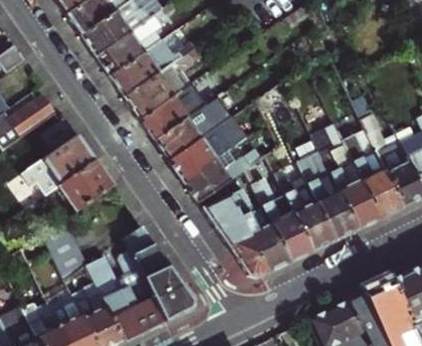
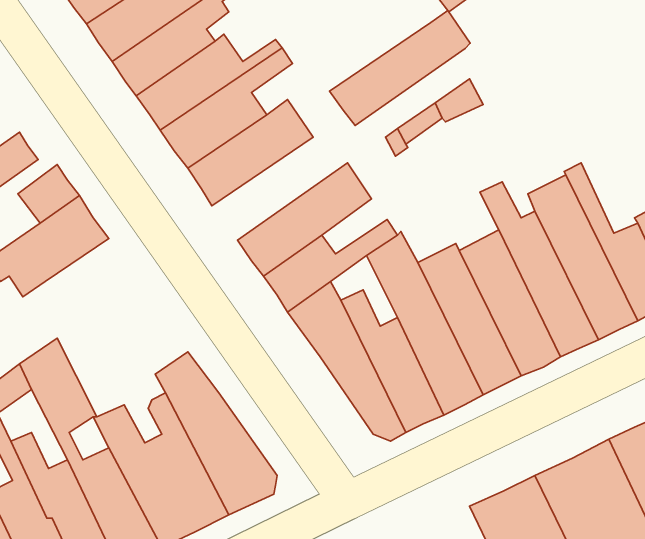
building: [157,94,239,161] -> [329,11,470,126]
building: [59,160,114,210] -> none

